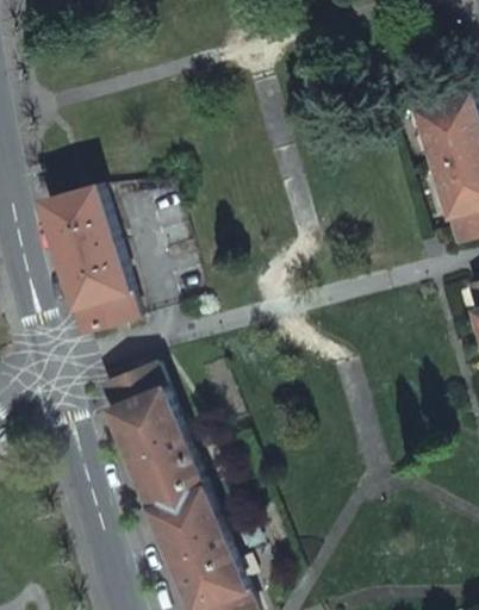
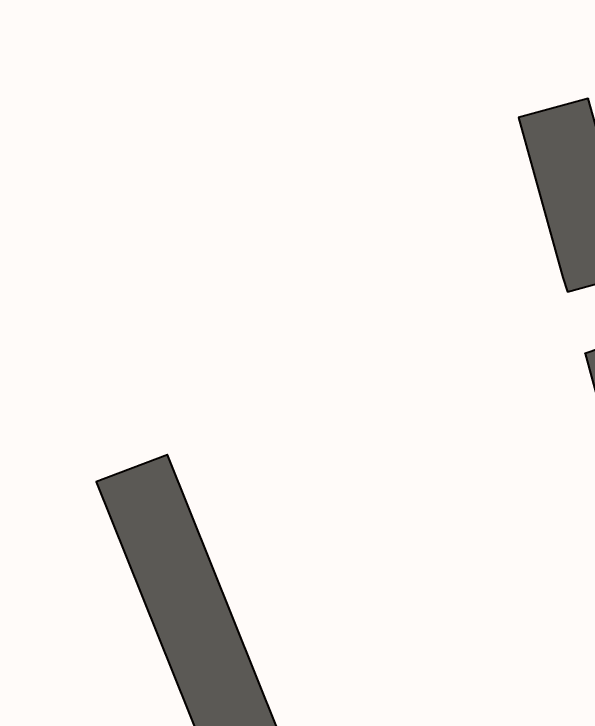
building: [42,186,133,331] -> none

